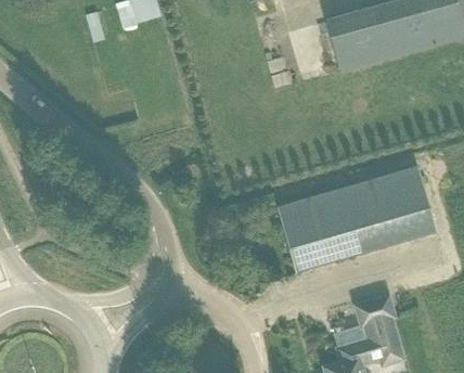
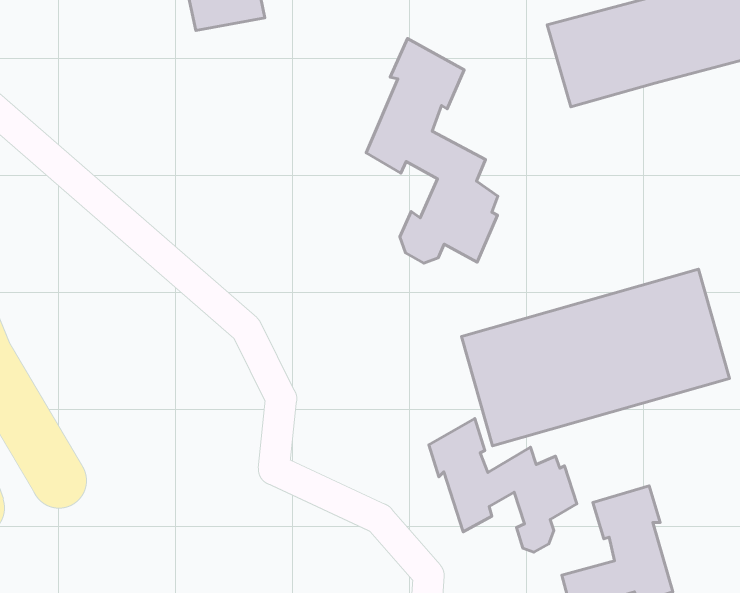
building: none -> [366,38,498,263]
building: none -> [429,419,577,552]

